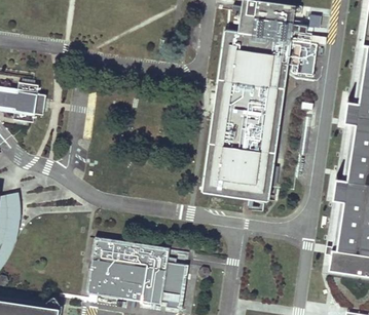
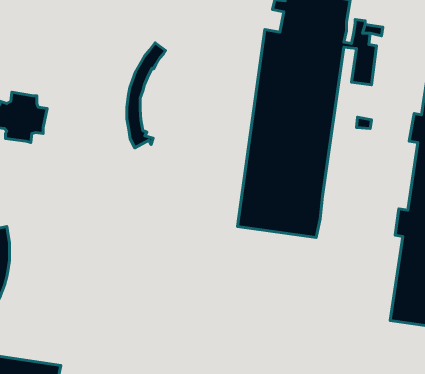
building: none -> [127,43,165,148]
building: [89,241,187,309] -> none

